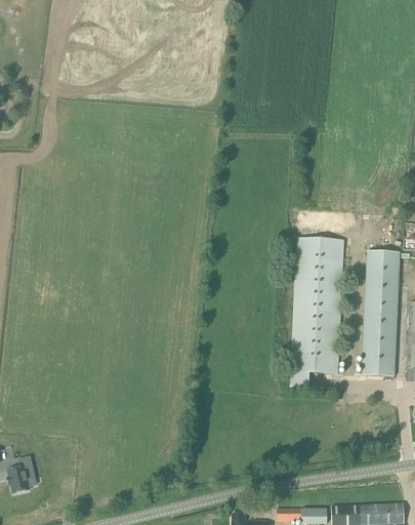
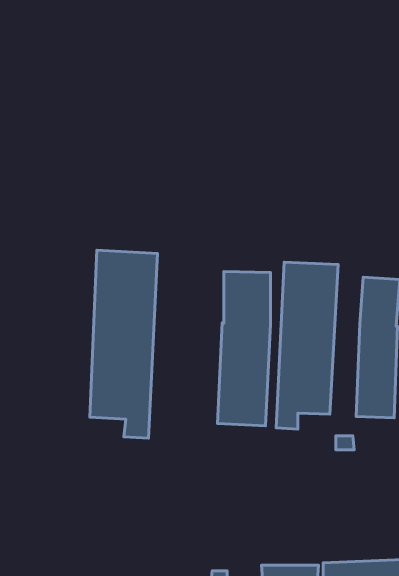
building: none -> [90,250,157,438]
building: none -> [218,271,271,426]

